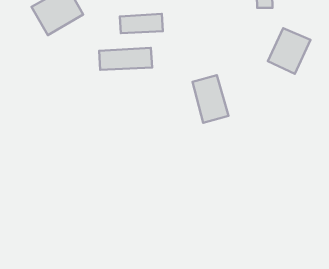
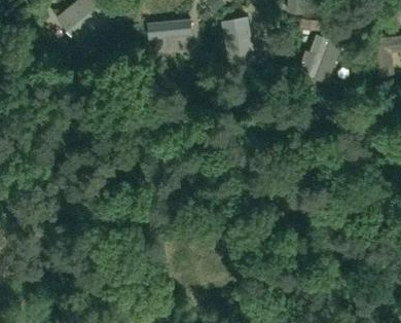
building: [99,48,152,70] -> none
building: [193,75,229,123] -> [219,15,257,66]

